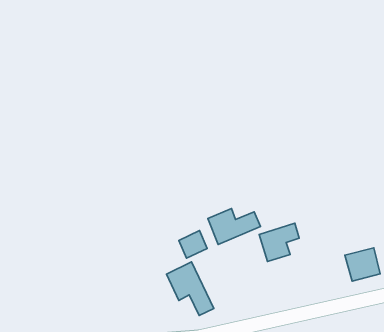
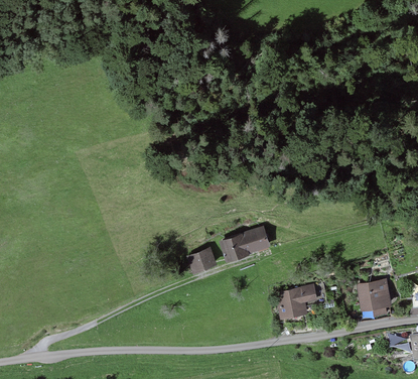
building: [259,223,299,261] -> [279,287,318,323]
building: [167,262,214,315] -> none

